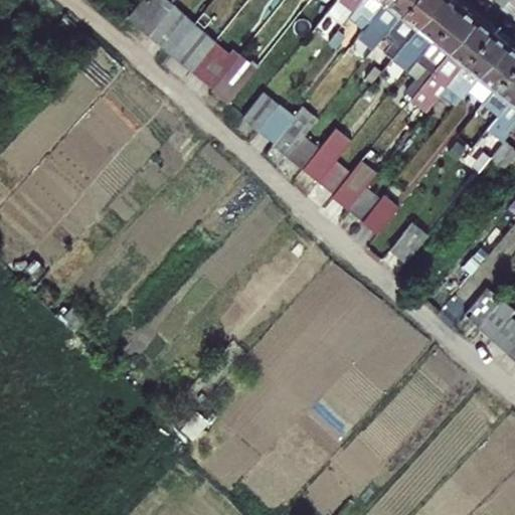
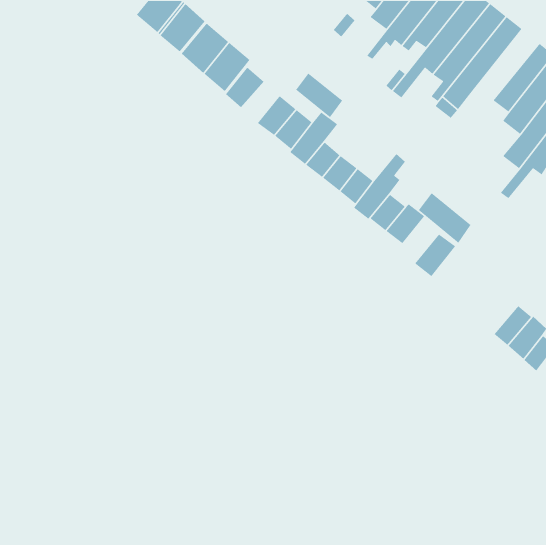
building: [443,29,508,103] -> none
building: none -> [295,72,343,118]
building: none -> [418,192,472,244]

